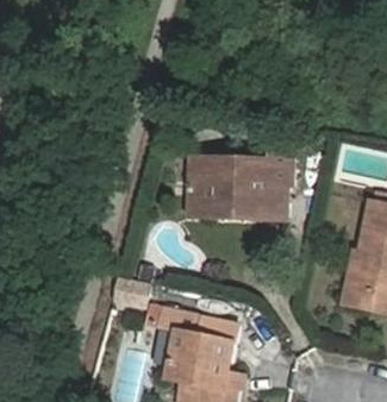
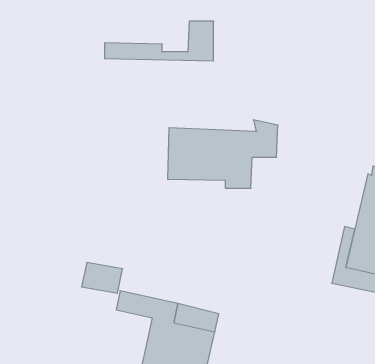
building: [187,182,288,219] -> [104,21,214,61]

